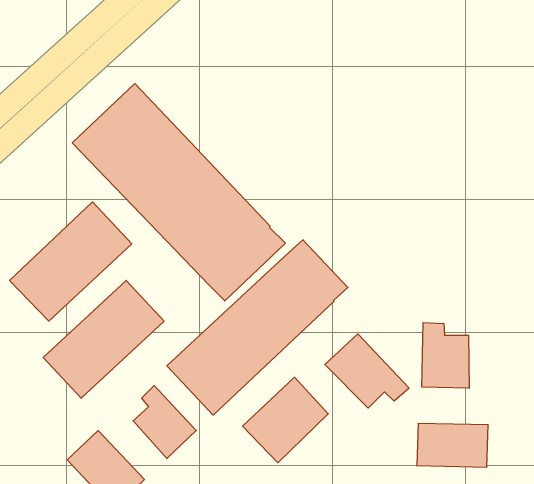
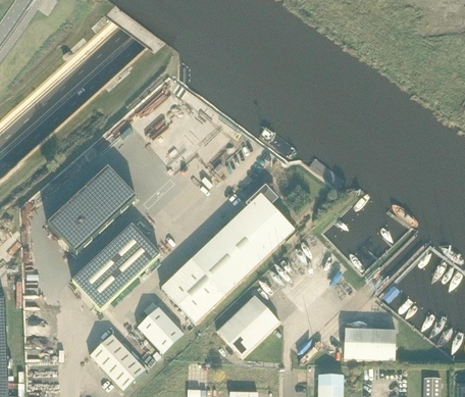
building: [72,84,285,301] -> none
building: [422,323,469,388] -> none
building: [325,334,409,408] -> none

